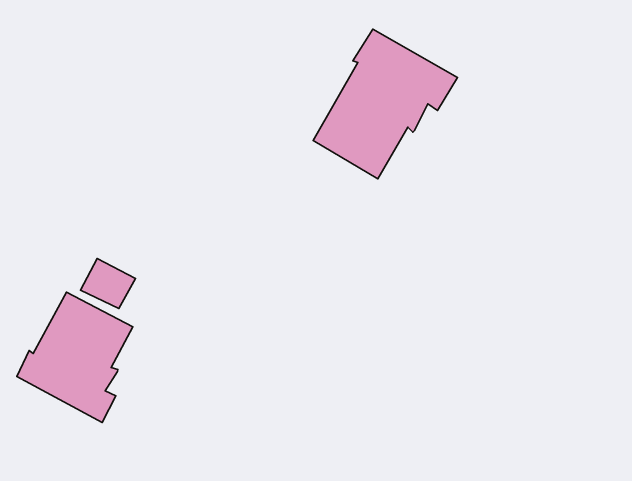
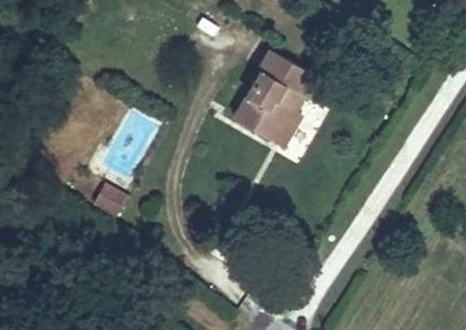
building: [17,292,133,423] -> none

